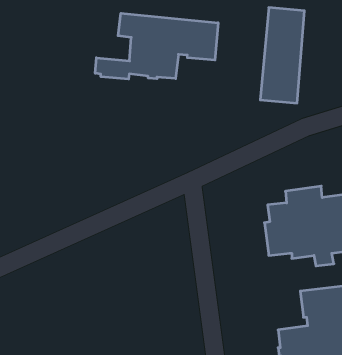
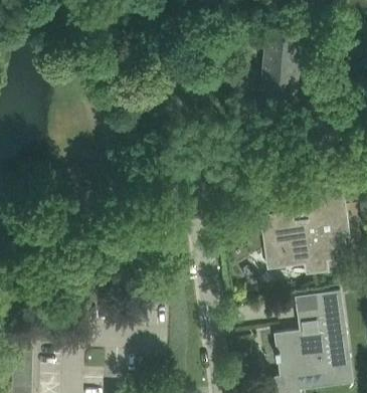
building: [95,13,218,79] -> none

